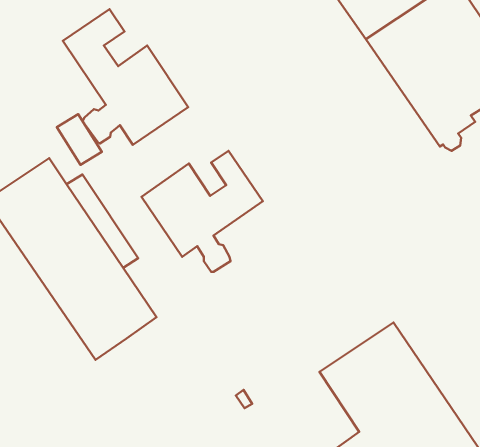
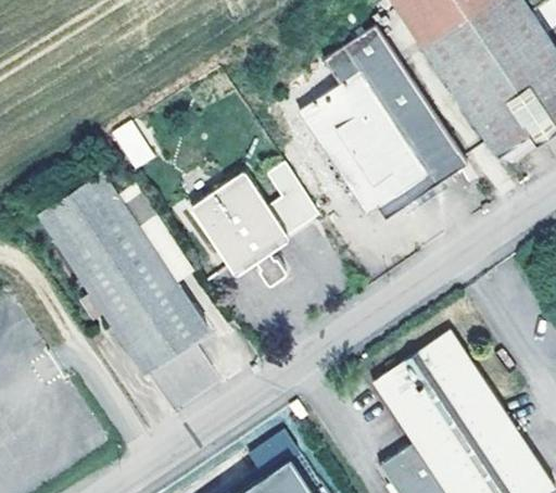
building: [63,9,188,145] -> none
building: none -> [300,25,466,214]

